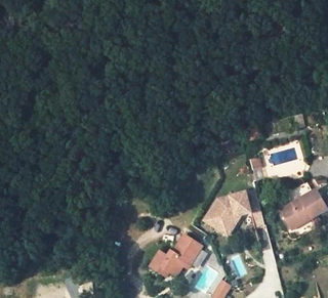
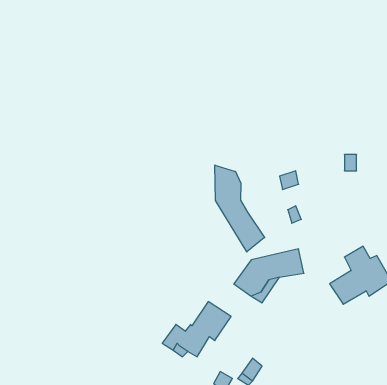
building: none -> [215,165,265,252]

